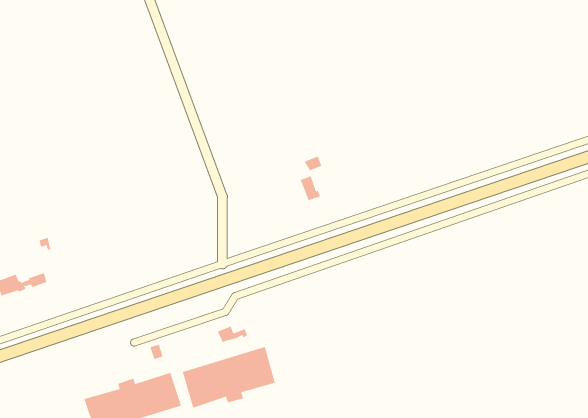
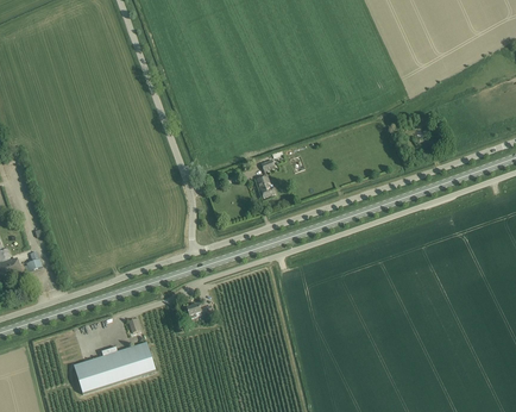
building: [182,346,276,408] -> none

